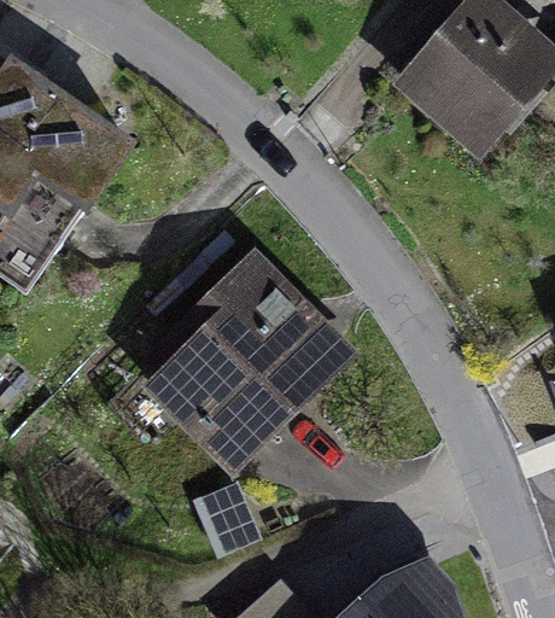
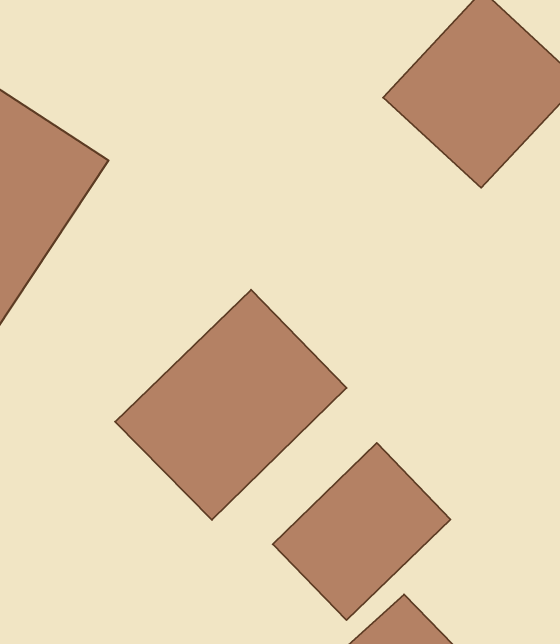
building: none -> [273,443,450,620]

